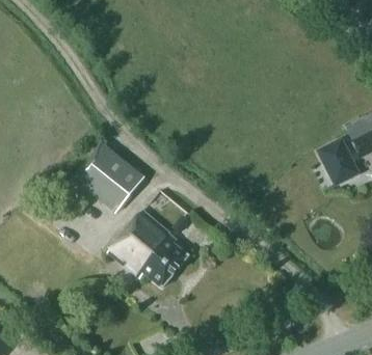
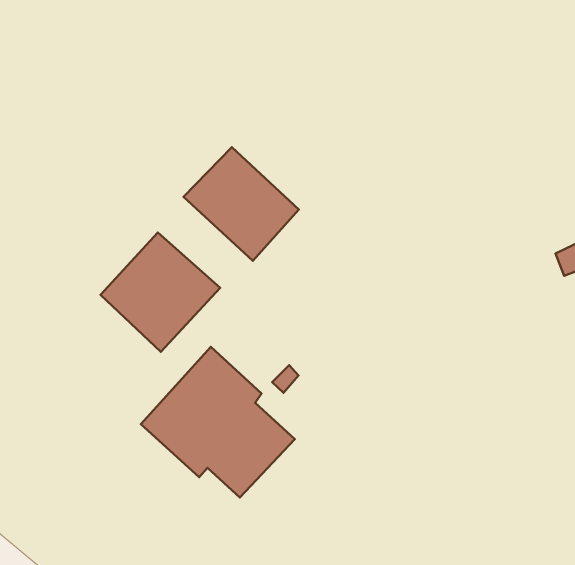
building: none -> [183,147,299,261]

